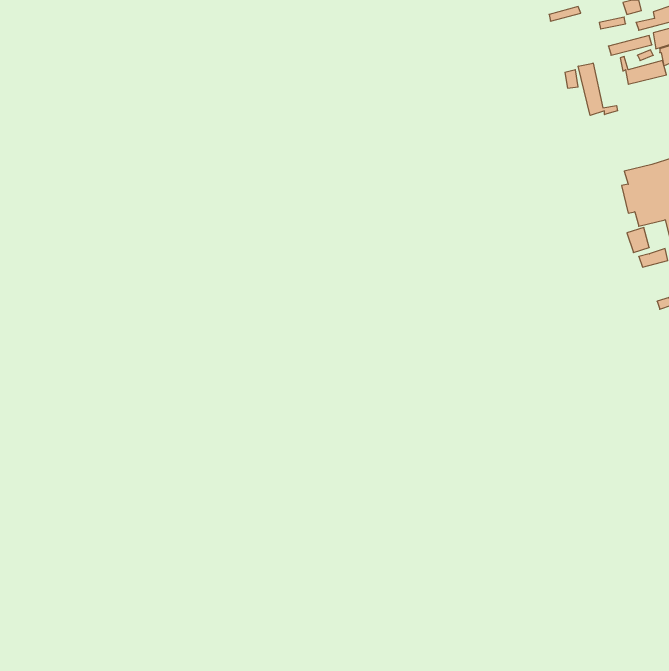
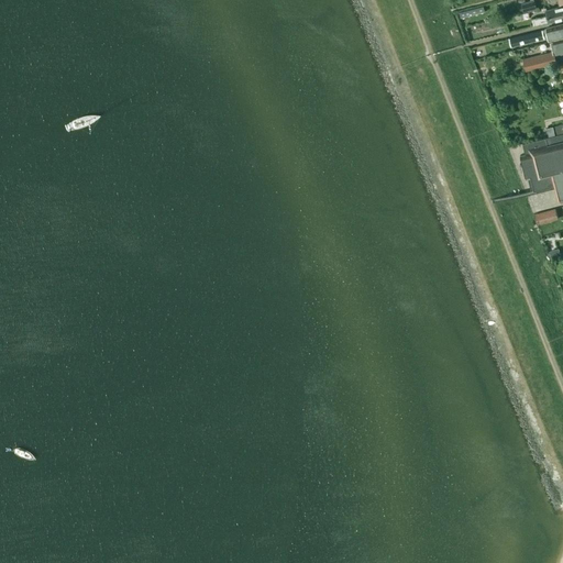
building: [578,63,618,115] -> none

